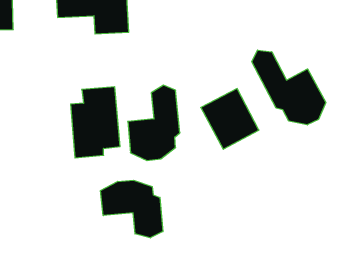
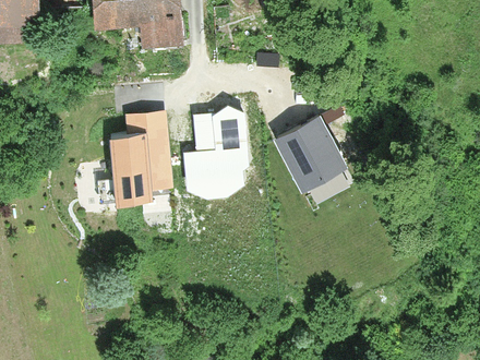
building: [252,50,326,125] -> none
building: [100,180,163,238] -> none

